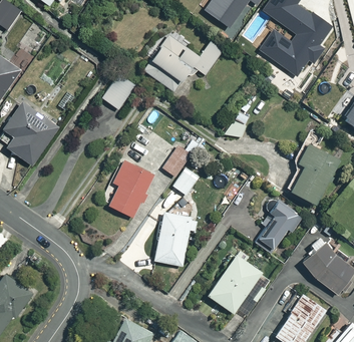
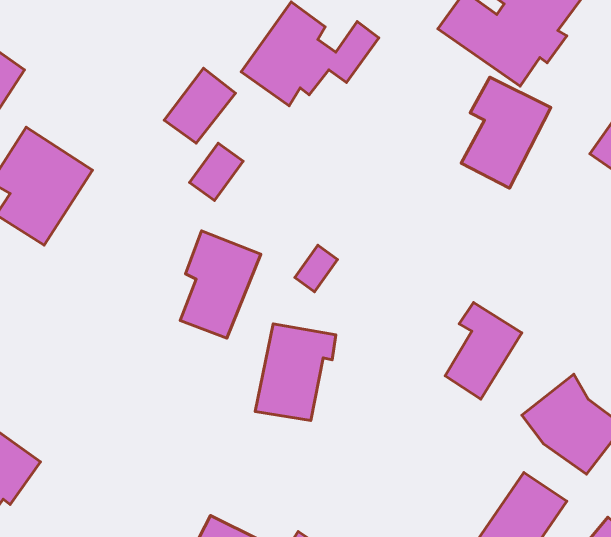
building: [290,142,340,205] -> [461,77,551,188]
building: [160,144,191,177] -> [189,143,243,201]
building: [207,255,261,313] -> none

